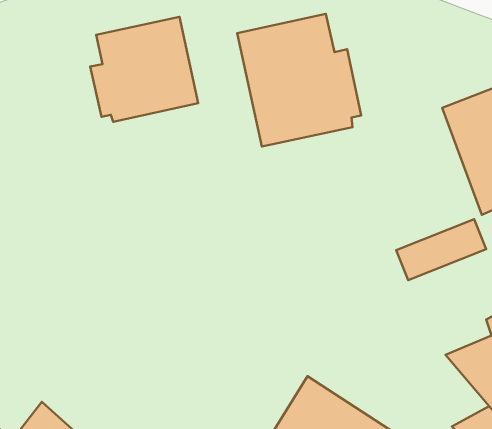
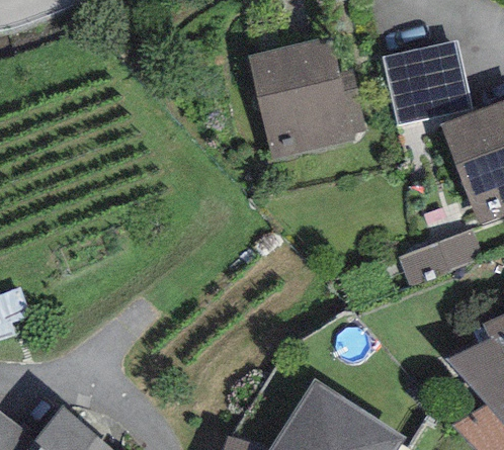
building: [90,17,198,122] -> none
building: none -> [382,42,472,127]

